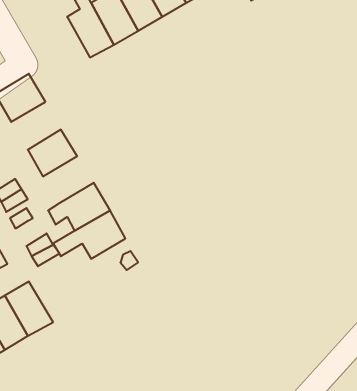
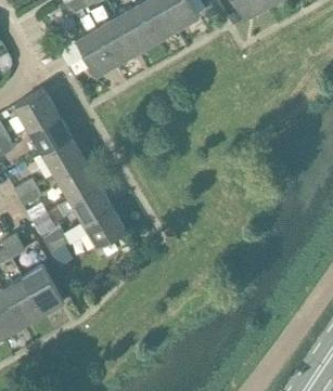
building: none -> [27,113,69,154]
building: none -> [54,159,98,199]

